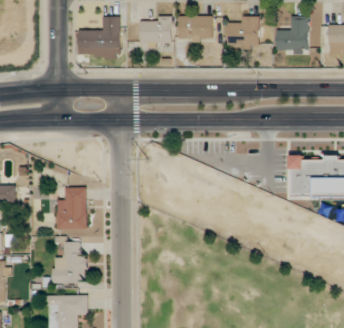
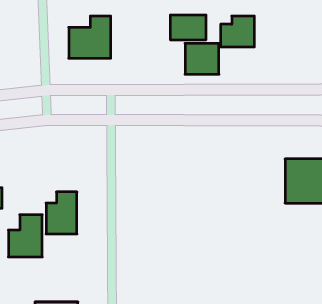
building: [140,17,173,47] -> [185,43,219,74]
building: [277,17,309,54] -> none
building: [53,243,86,284] -> [8,215,42,257]

